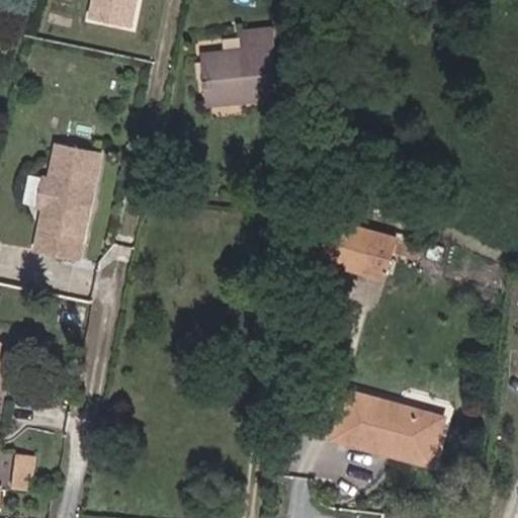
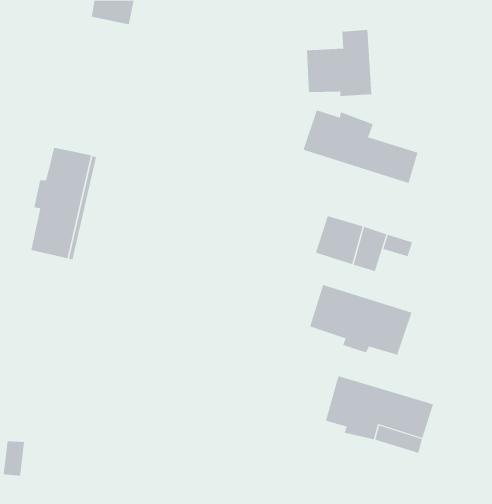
building: [200,32,268,101] -> [306,29,372,97]
building: none -> [303,109,418,184]
building: none -> [310,284,412,356]

